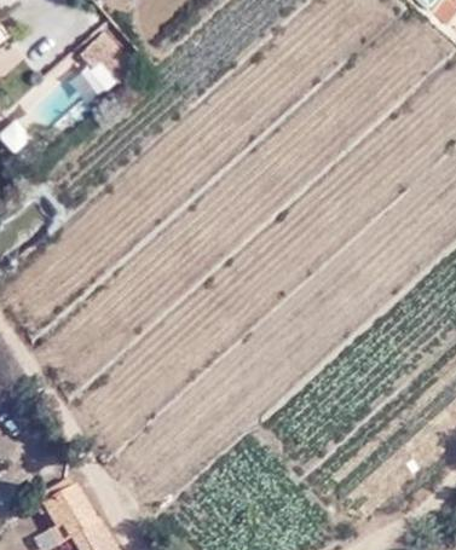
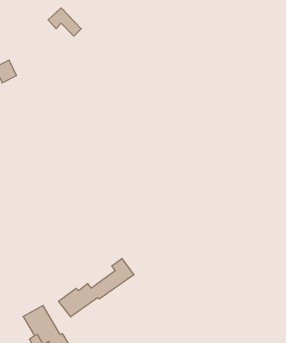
building: none -> [59,258,134,317]

